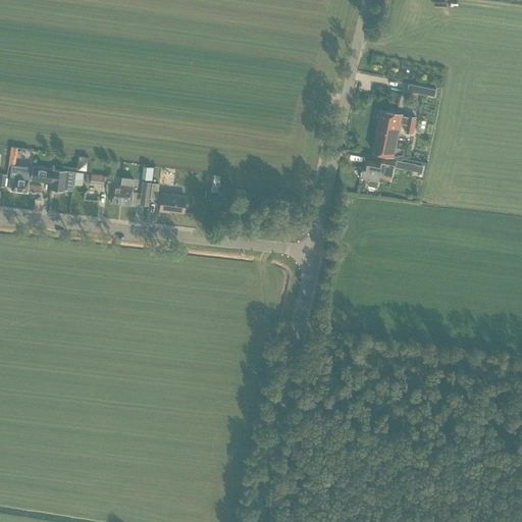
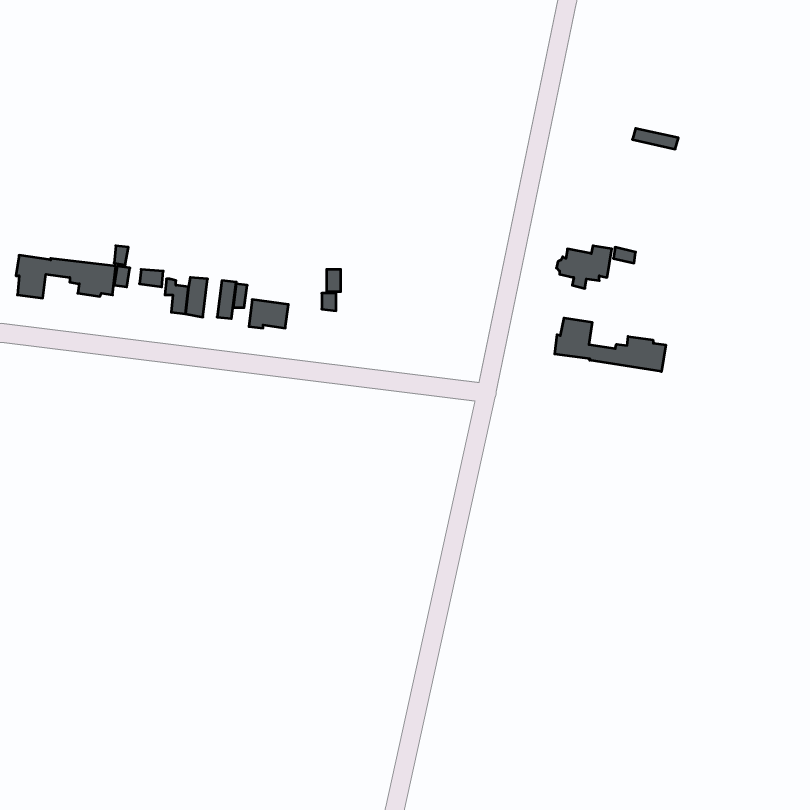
building: [373,109,415,158] -> none
building: none -> [555,318,666,372]

